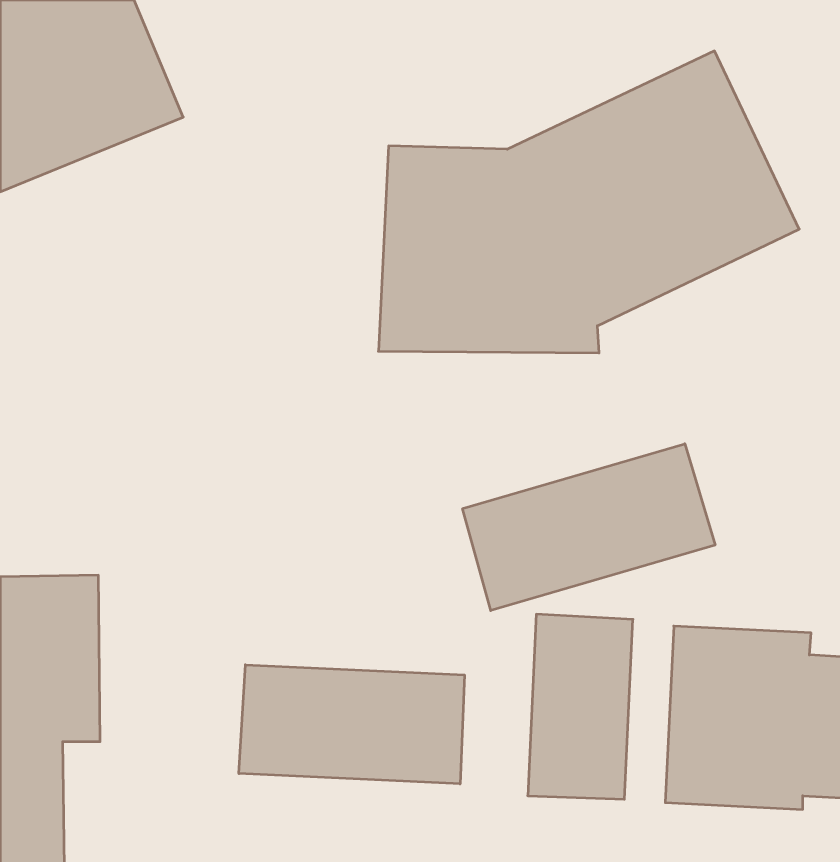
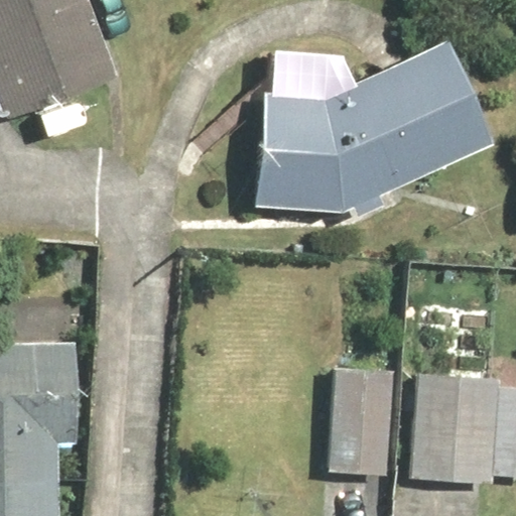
building: [463,444,715,611] -> none
building: [239,665,464,784] -> none

